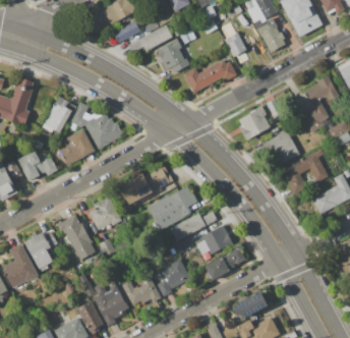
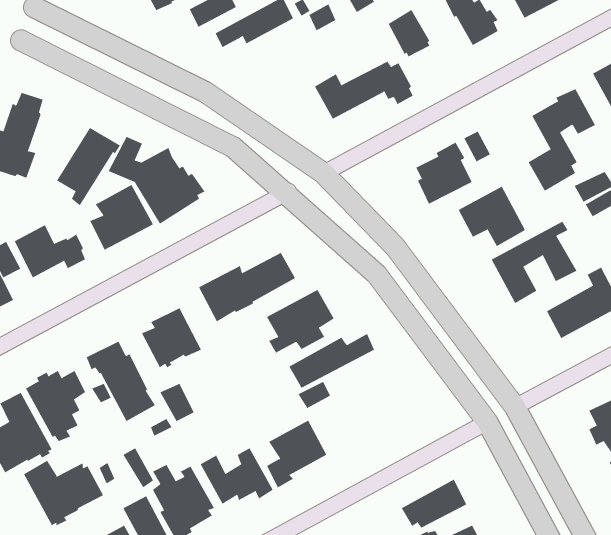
building: [156,38,190,73] -> none
building: [196,225,232,254] -> none
building: [205,246,245,280] -> none
building: none -> [23,460,104,526]

